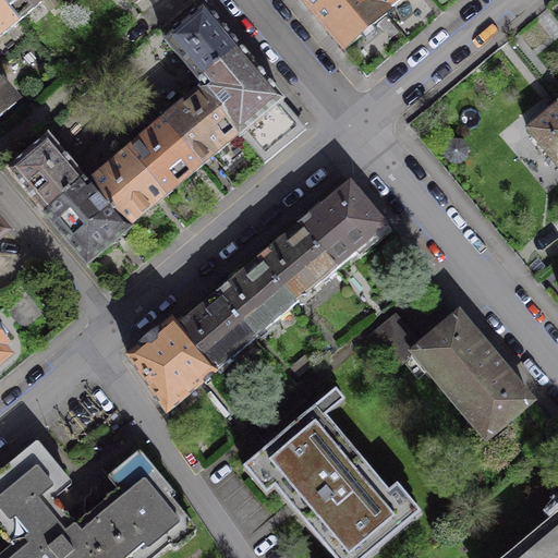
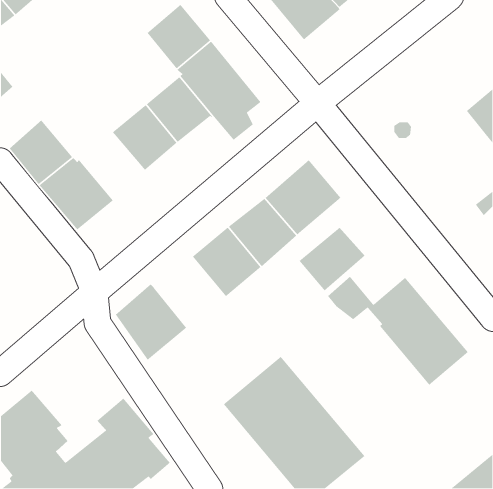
building: [89,149,163,227] -> none
building: none -> [298,227,365,292]
building: [174,290,255,371] -> none

